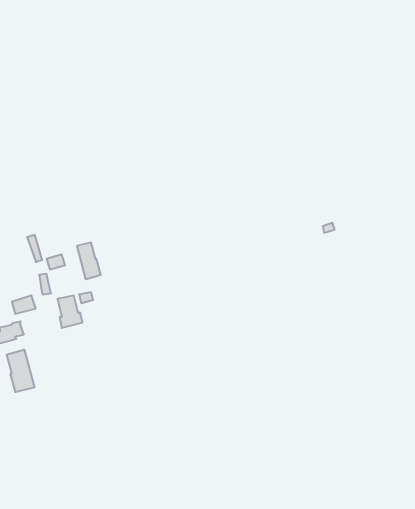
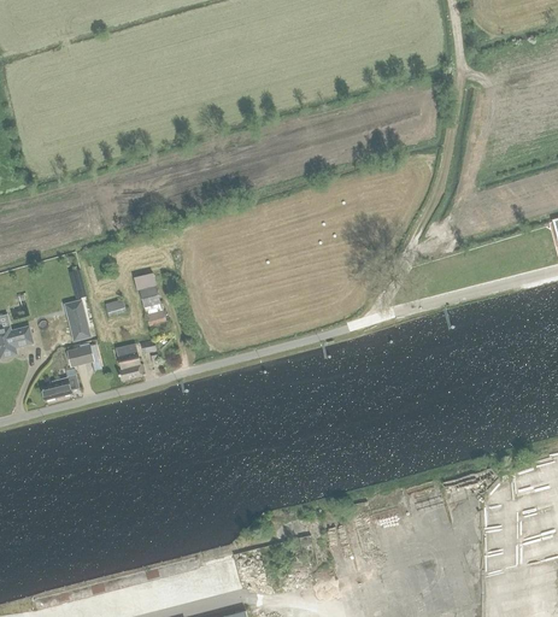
building: none -> [64,299,89,339]
building: [7,349,34,392] -> none

